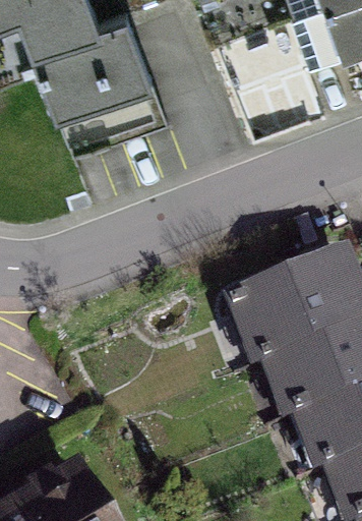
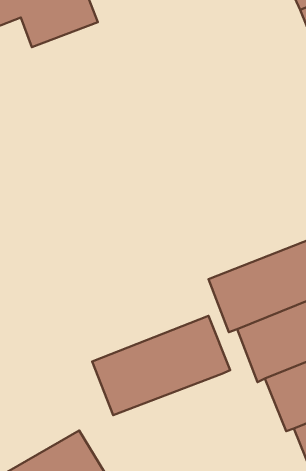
building: [40,16,164,121] -> none
building: none -> [92,316,230,415]

